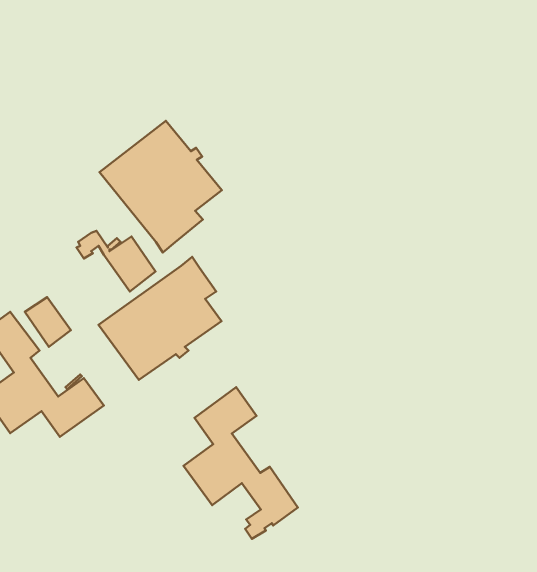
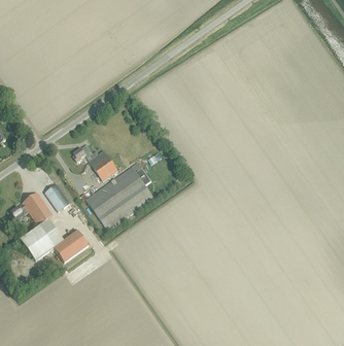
building: [100,121,222,253] -> none
building: [184,387,298,539] -> none

